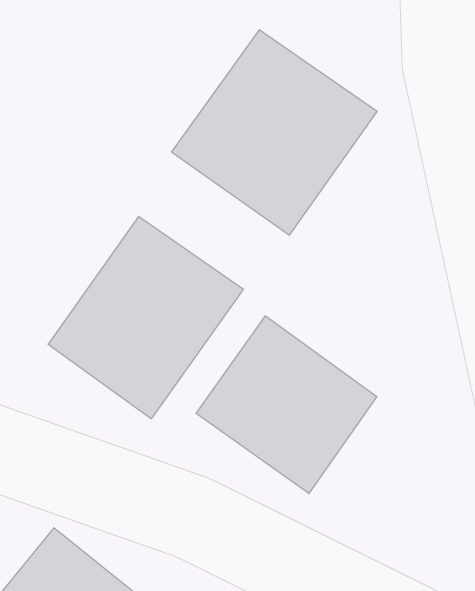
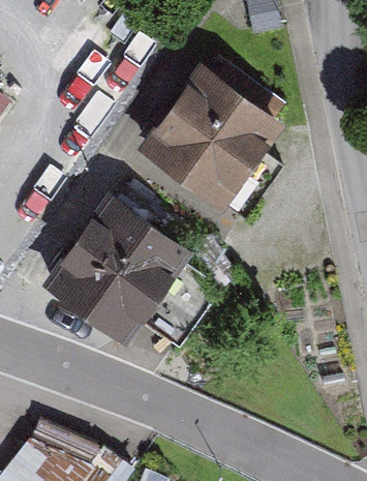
building: [196,316,377,494] -> none

